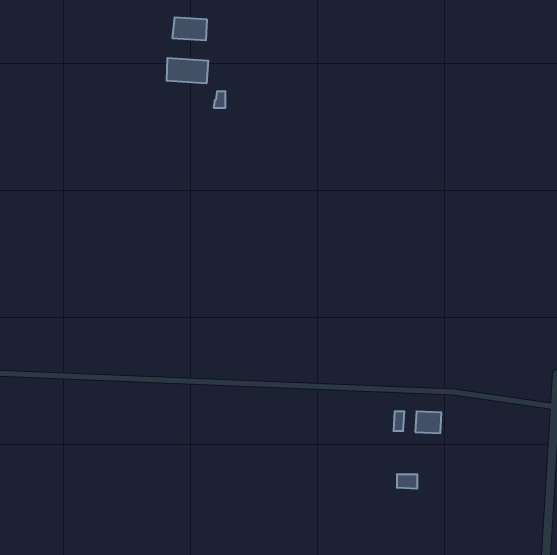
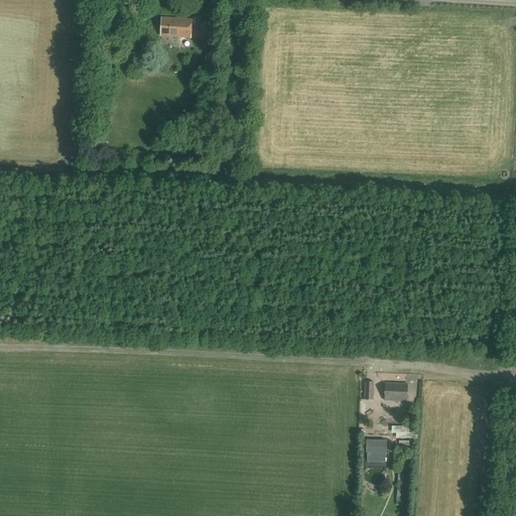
building: [167,58,208,83] -> none

